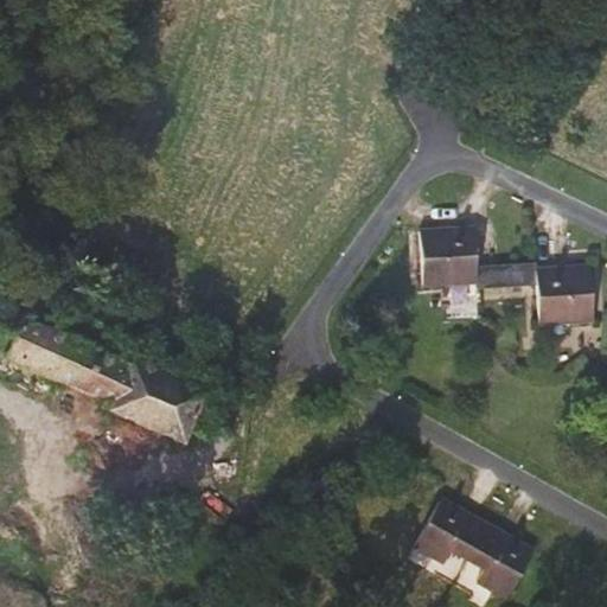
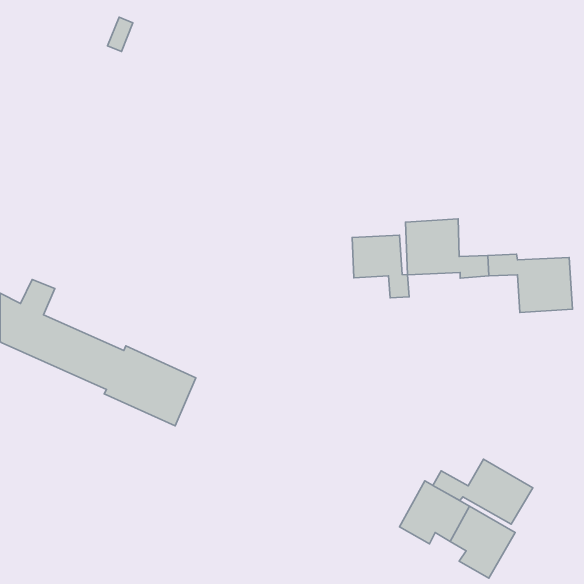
building: none -> [352,235,409,298]
building: none -> [433,459,533,524]

